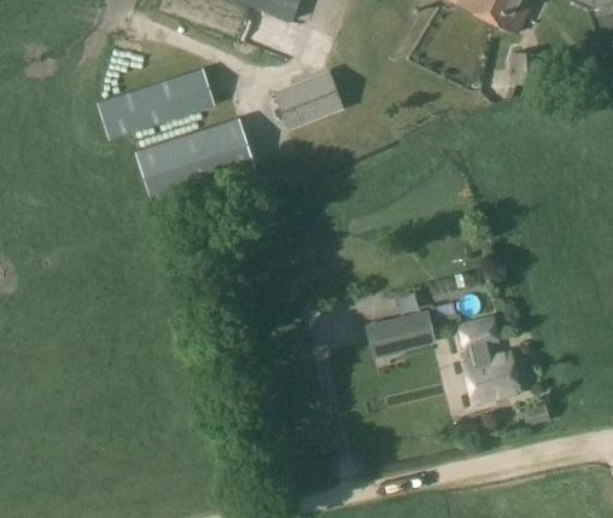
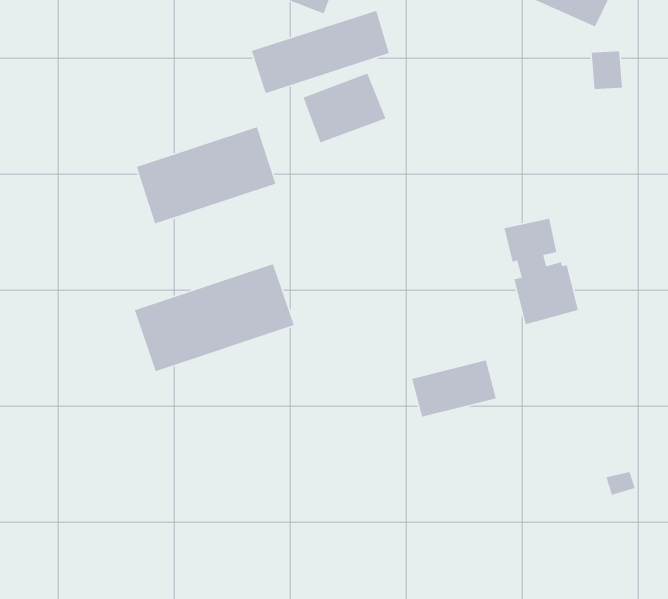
building: [98,69,214,139] -> [251,10,390,94]
building: none -> [134,263,295,372]
building: [456,314,519,403] -> [503,218,579,325]

